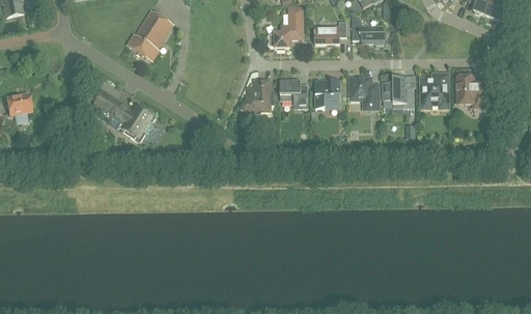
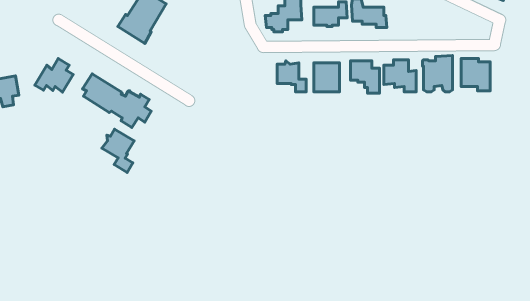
building: none -> [35,59,73,92]
building: [242,79,274,109] -> none
building: none -> [102,129,134,172]

